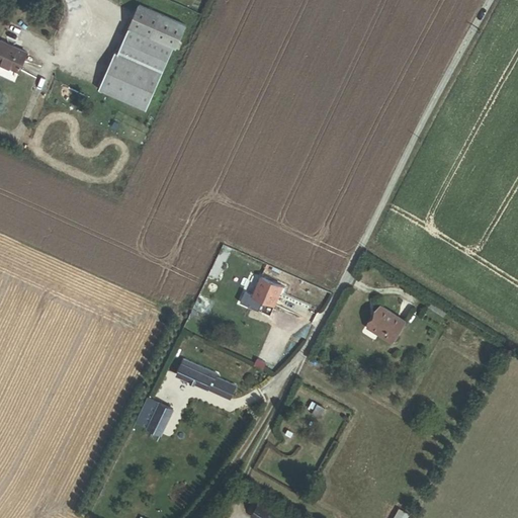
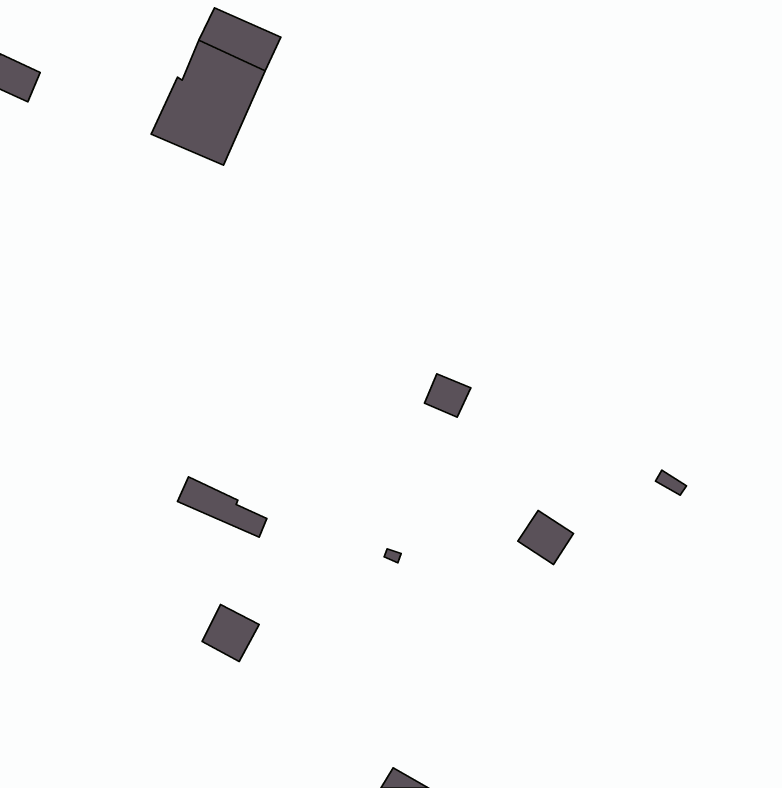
building: [250,277,280,306] -> [425,374,471,417]
building: [371,314,408,349] -> [518,510,574,564]
building: [174,359,233,399] -> [178,477,267,537]

